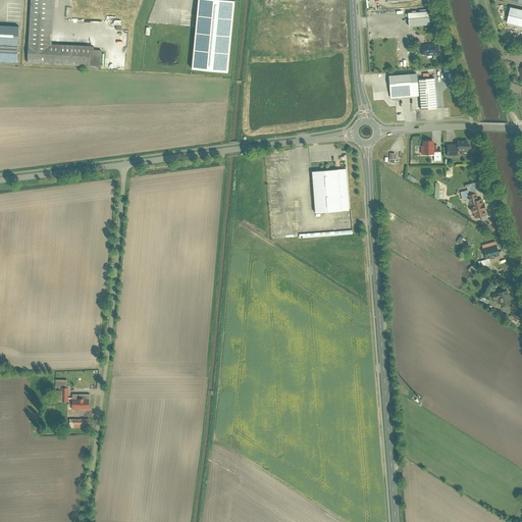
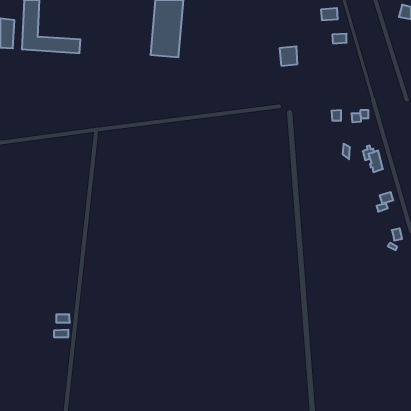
building: [388,73,411,98] -> [280,46,297,66]
building: [417,77,436,108] -> none
building: [311,168,349,212] -> none

